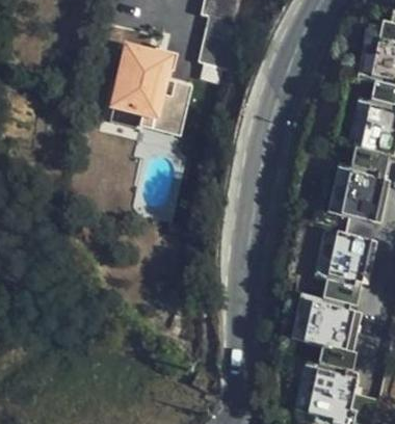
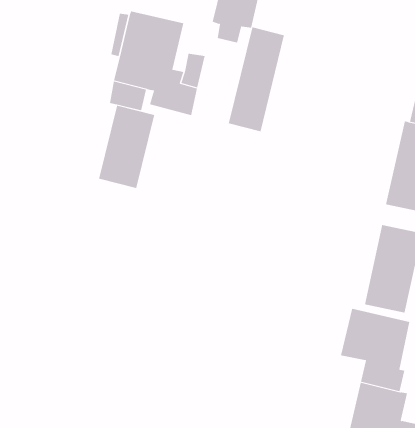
building: none -> [228,26,285,132]
building: none -> [98,105,155,189]

